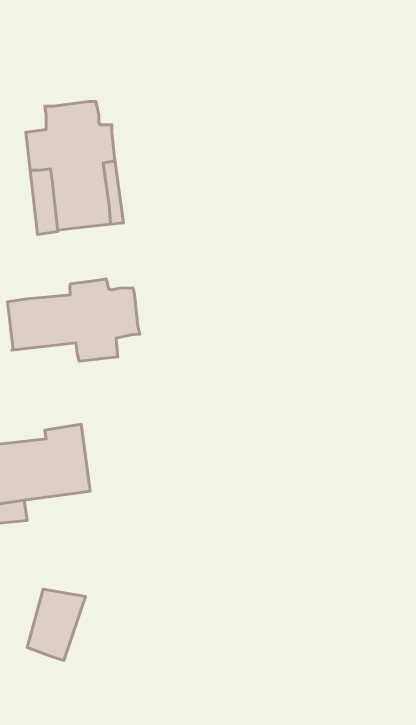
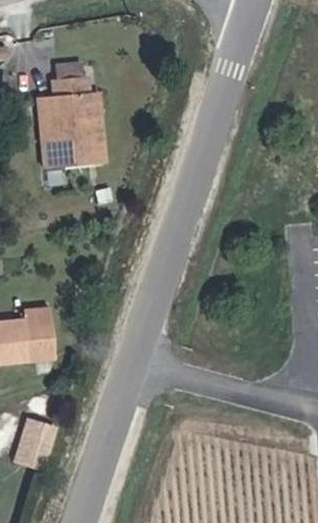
building: [7,279,140,361] -> none

